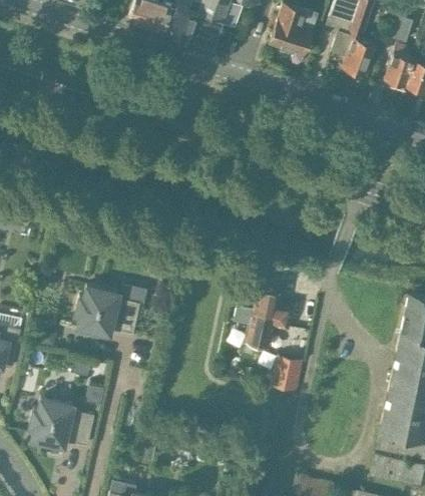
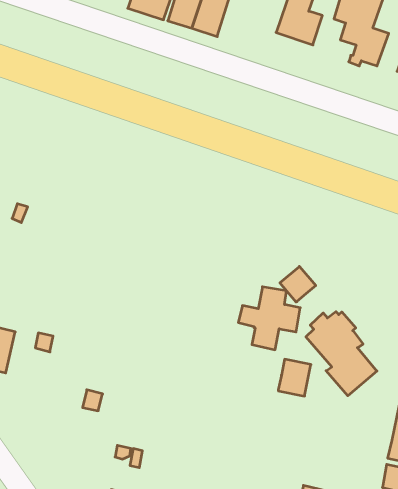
building: none -> [280,266,316,302]
building: [75,286,140,336] -> none
building: none -> [306,312,377,396]
building: [30,398,94,448] -> none

